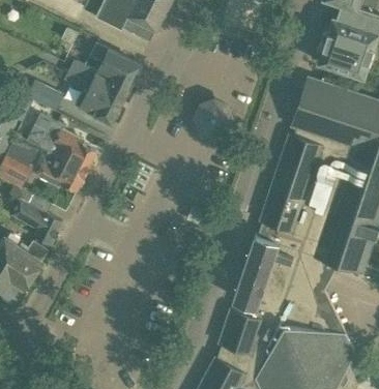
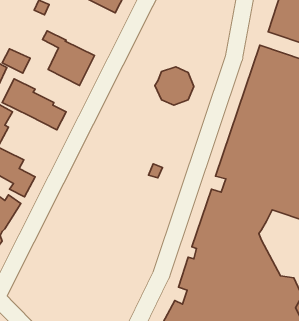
building: [90,43,138,89] -> none
building: [36,155,85,190] -> none

